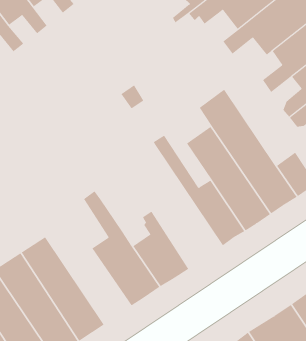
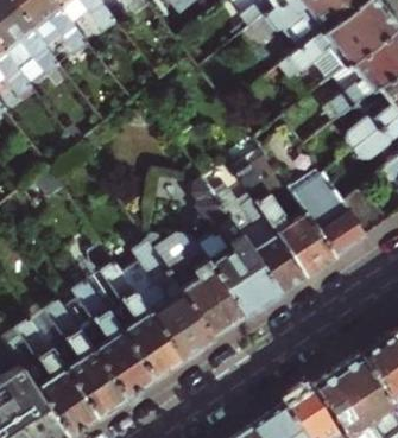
building: none -> [147,183,282,319]
building: none -> [86,265,181,381]

